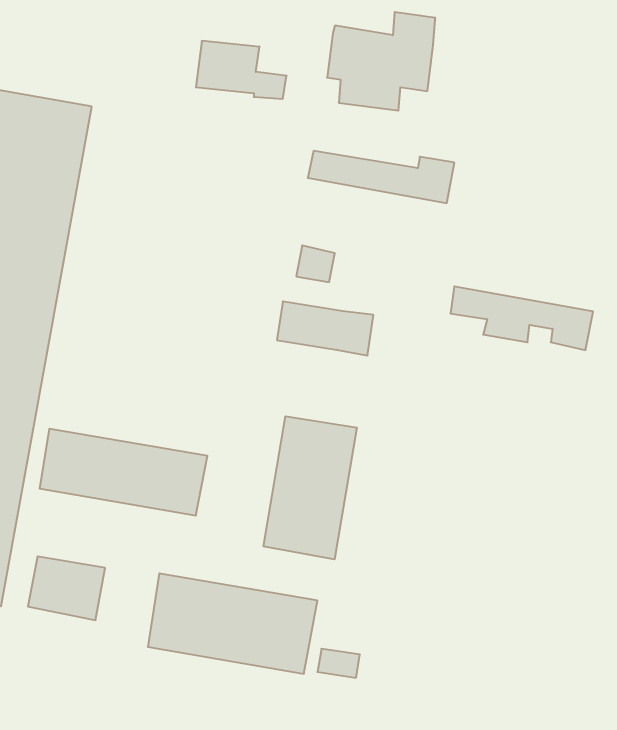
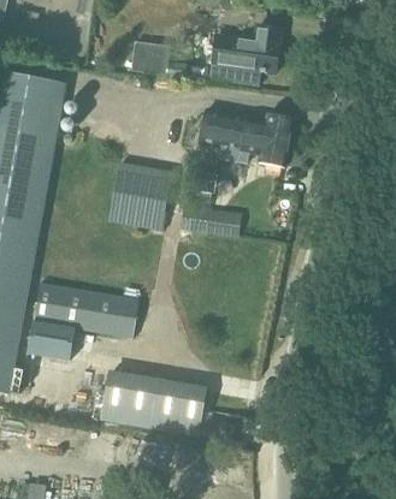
building: none -> [108,164,169,226]
building: [450,286,593,350] -> [199,126,288,166]
building: [264,416,357,559] -> none
building: [28,556,105,620] -> [26,320,75,360]

